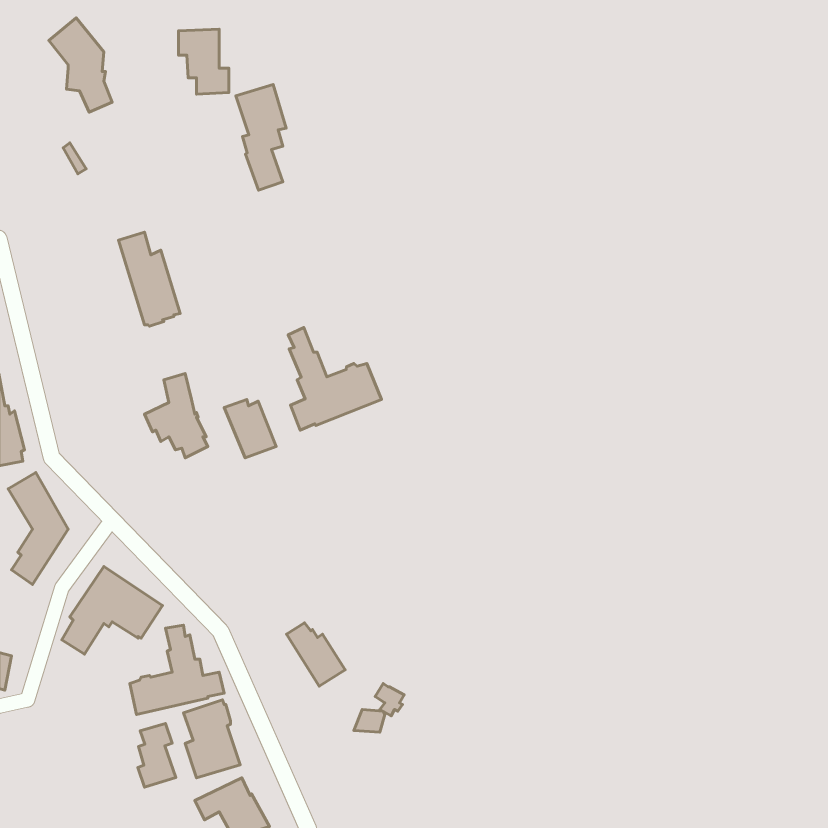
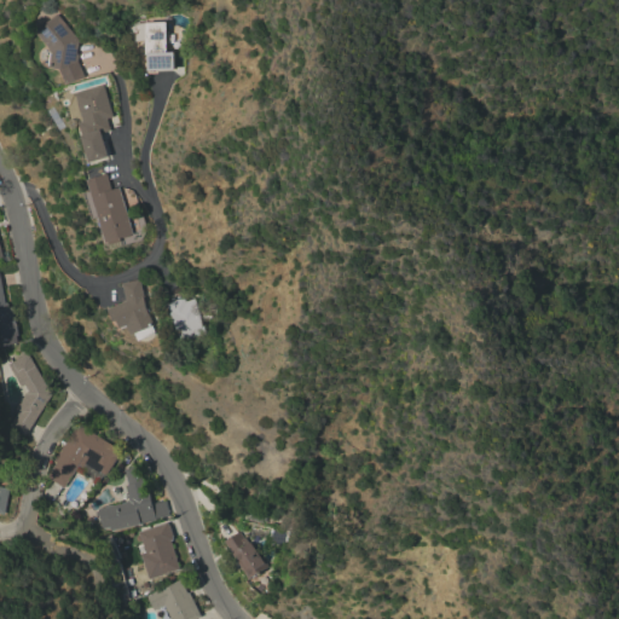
building: [236,84,286,190] -> [74,85,111,163]
building: [288,327,381,430] -> none
building: [287,623,345,686] -> [224,533,267,580]
building: [138,724,176,787] -> none

